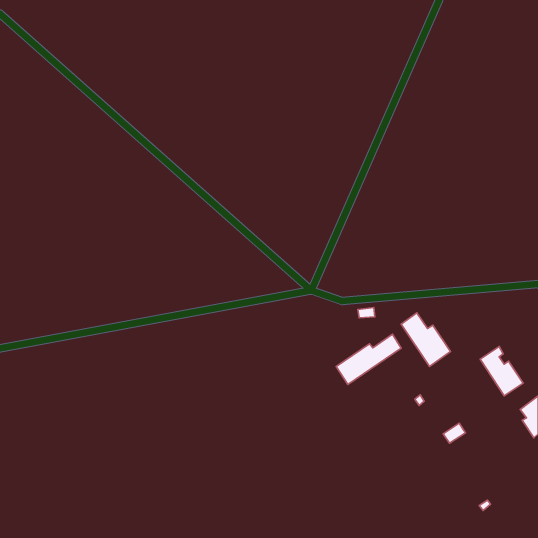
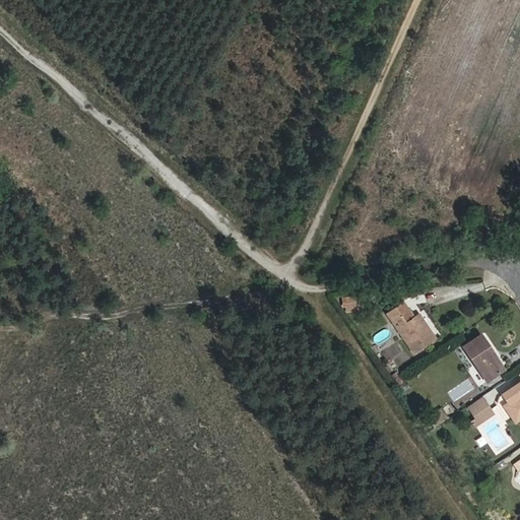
building: [336,334,401,385] -> none
building: none -> [468,397,493,427]

